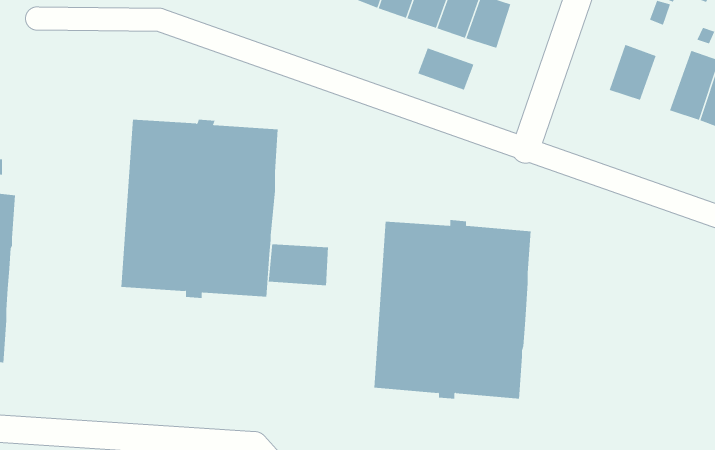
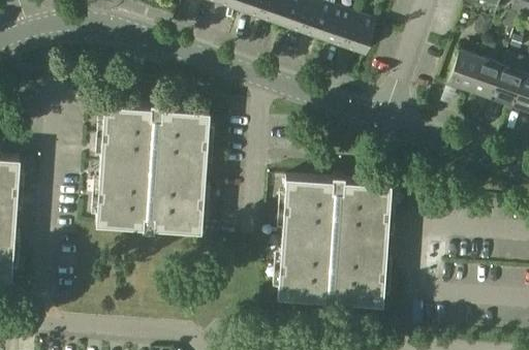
building: [418,48,474,90] -> none
building: none -> [469,58,501,97]
building: [268,243,328,286] -> none

